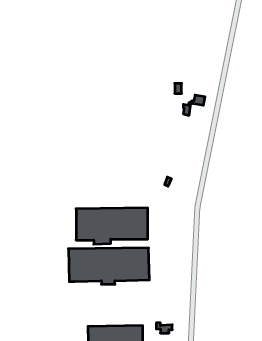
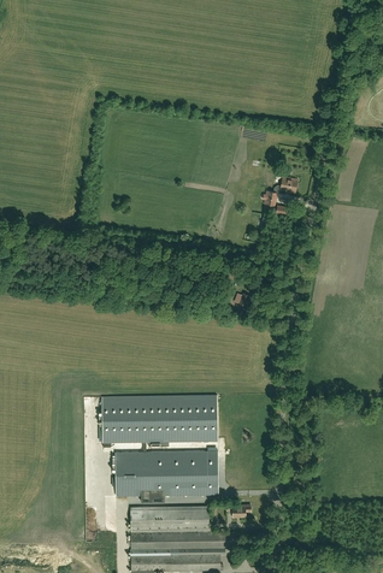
building: [76,208,148,244] -> [114,450,217,502]

